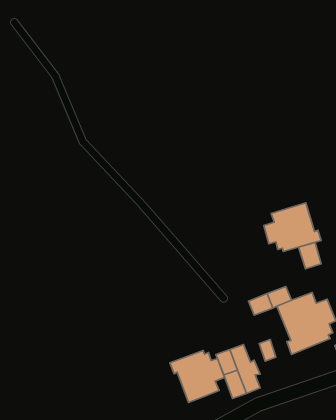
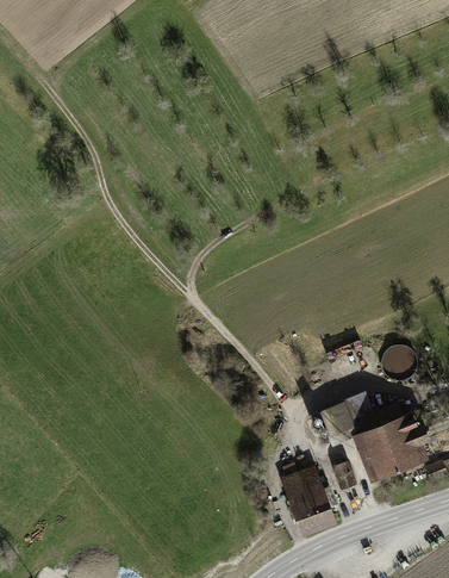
building: [264,203,321,251] -> none
building: [170,351,224,402] -> none

